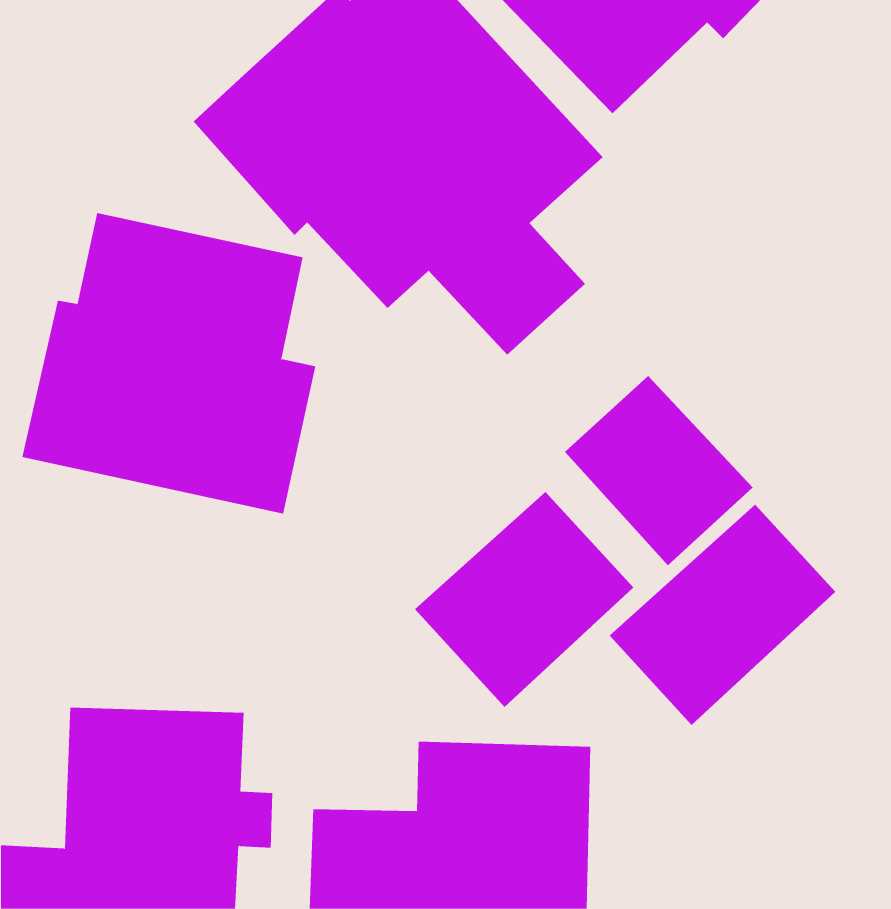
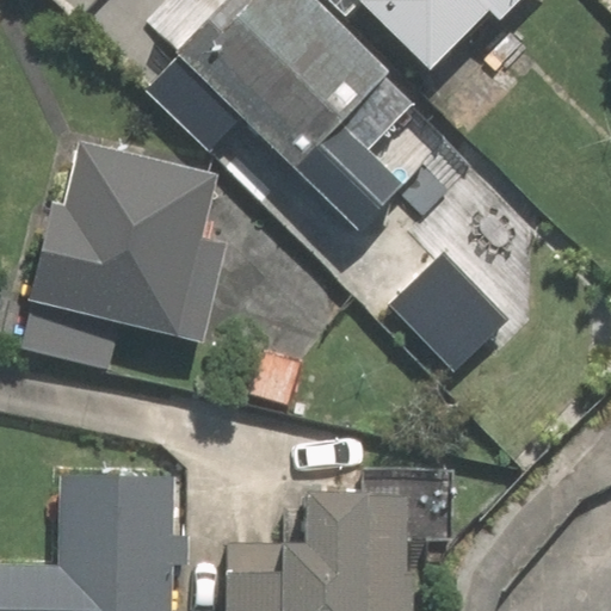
building: [414,491,634,708] -> none
building: [609,504,836,726] -> none

